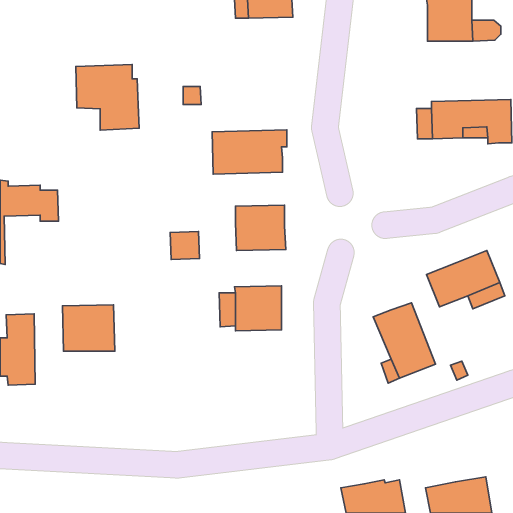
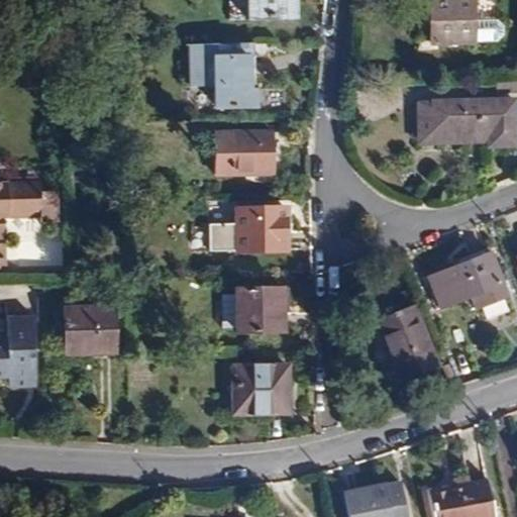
building: [76,65,139,130] -> [192,41,255,107]
building: [170,231,199,260] -> [209,224,238,252]
building: none -> [233,365,289,412]

